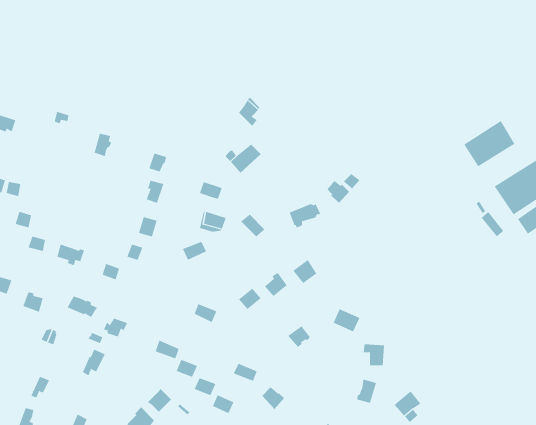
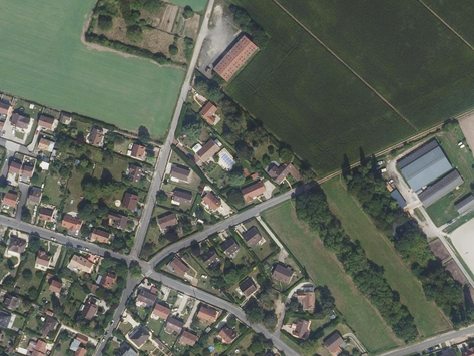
building: none -> [210,31,256,78]
building: [463,120,515,167] -> none

